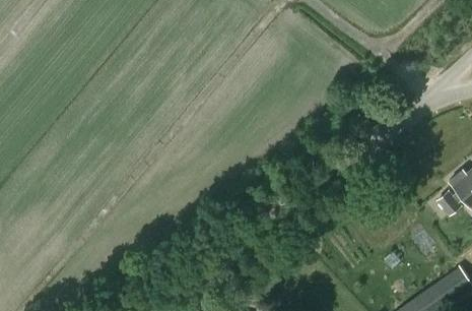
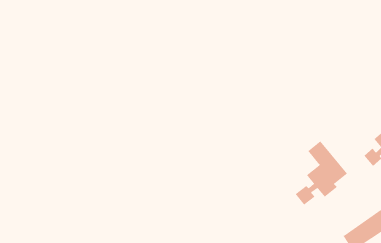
building: none -> [295,141,348,206]

